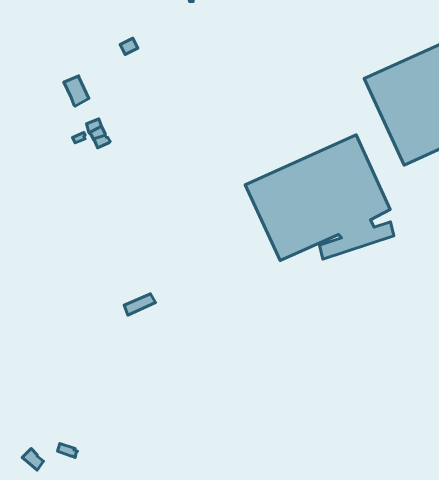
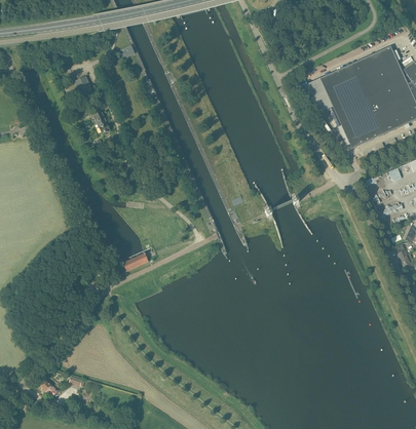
building: [245,135,394,260] -> none

